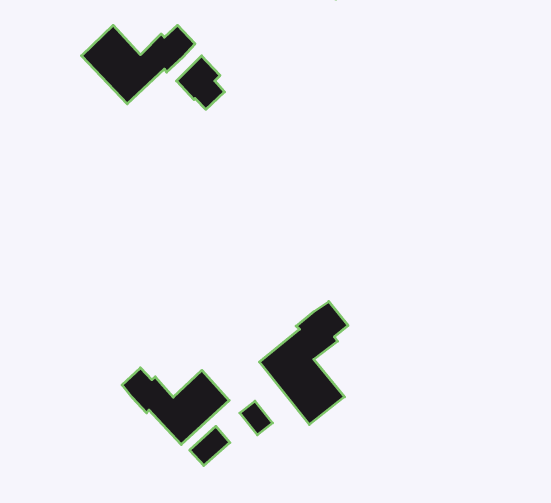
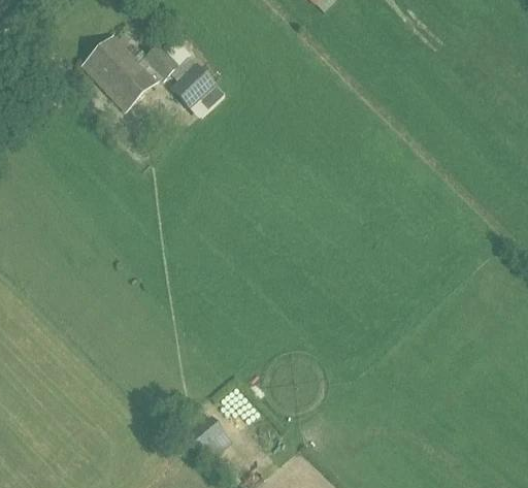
building: [259,301,348,425] -> none
building: [122,368,229,445] -> none

